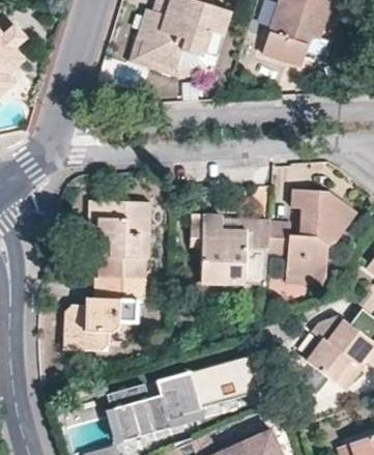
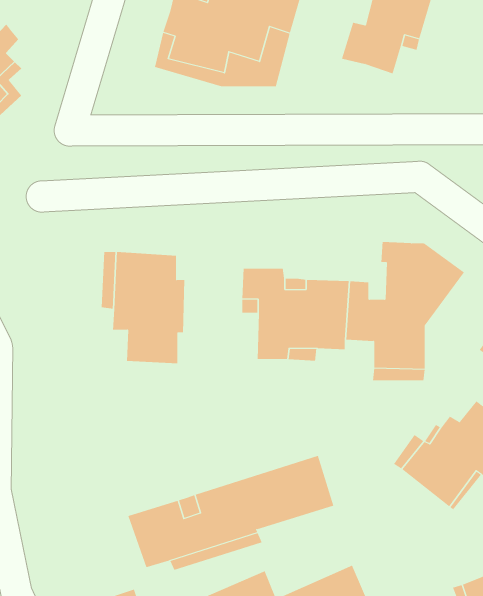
building: [73,279,147,353] -> none

